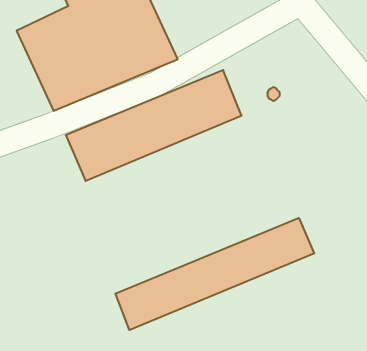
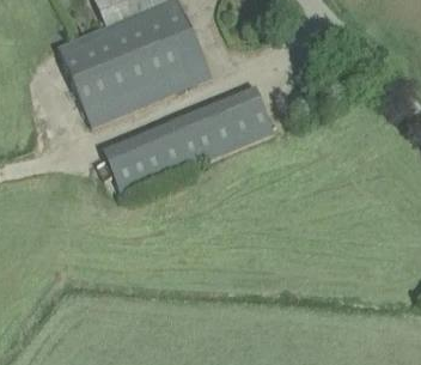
building: [115,218,314,330] -> none

